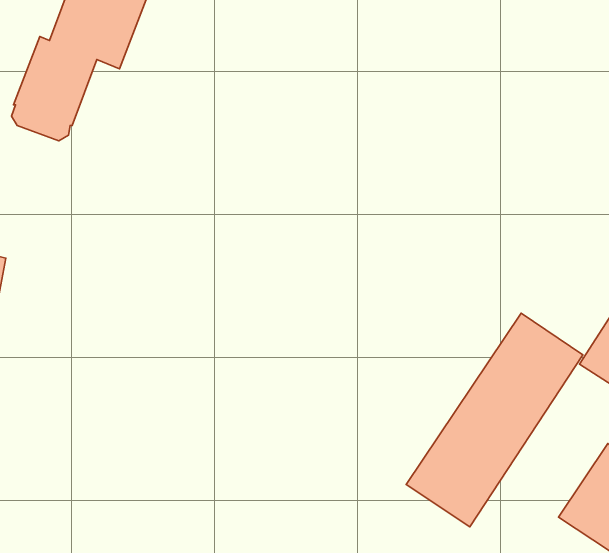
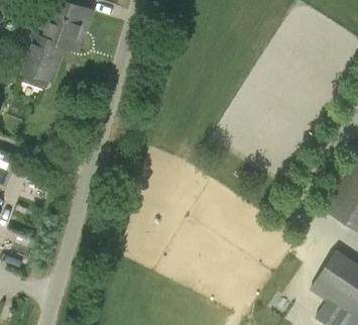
building: [406,313,583,527] -> none

